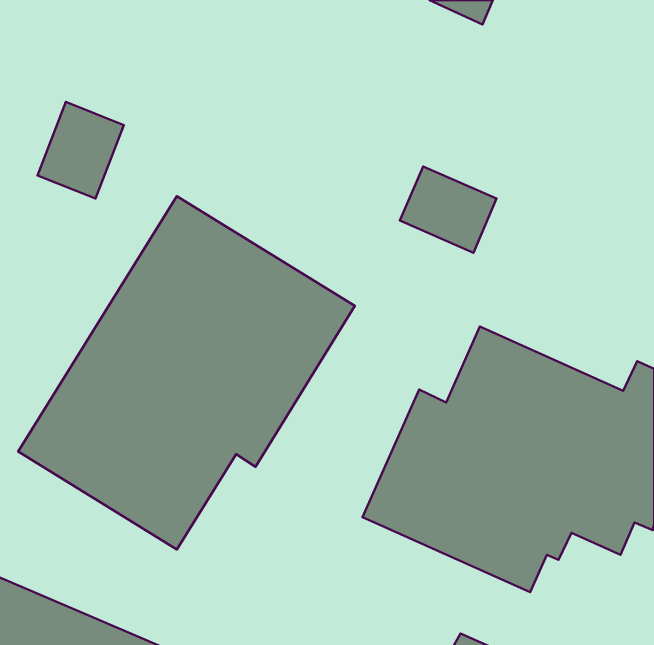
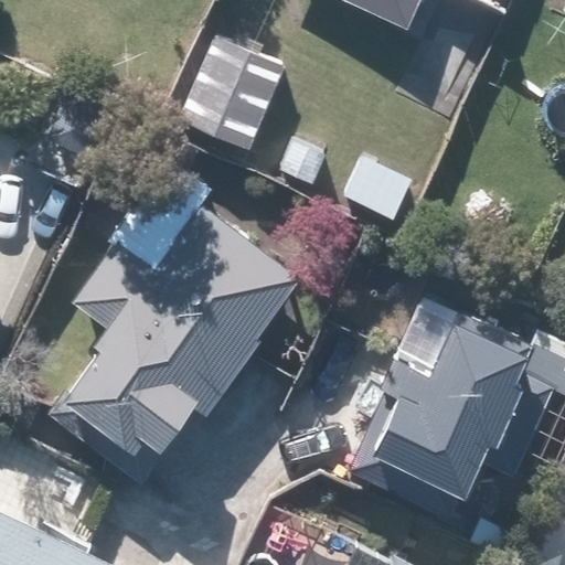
building: none -> [180,42,324,193]

